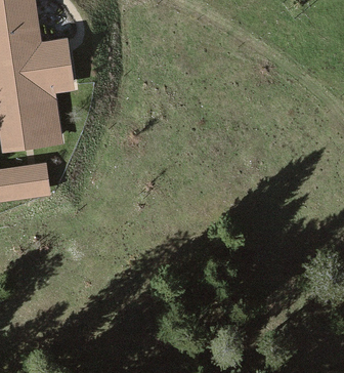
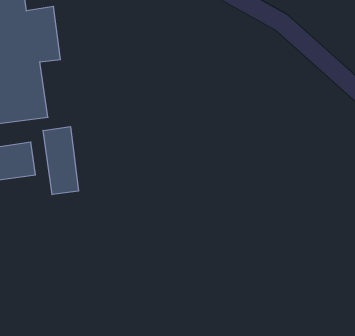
building: none -> [43,127,78,195]

